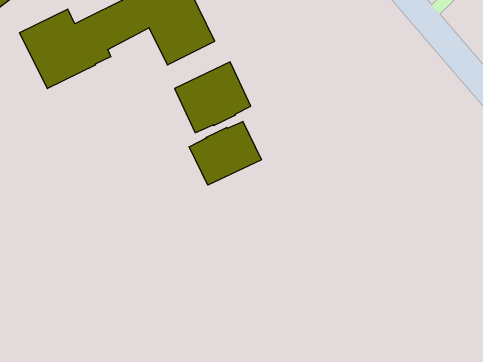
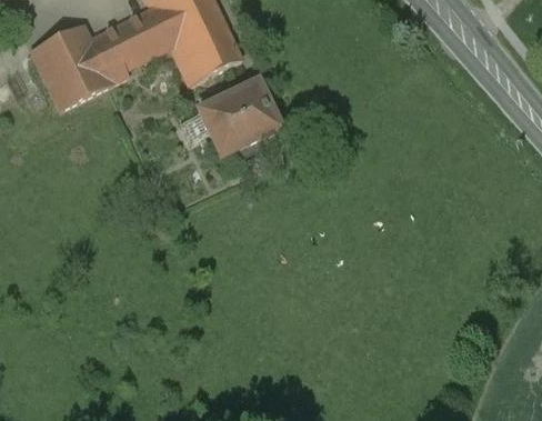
building: [189,121,262,185] -> none

